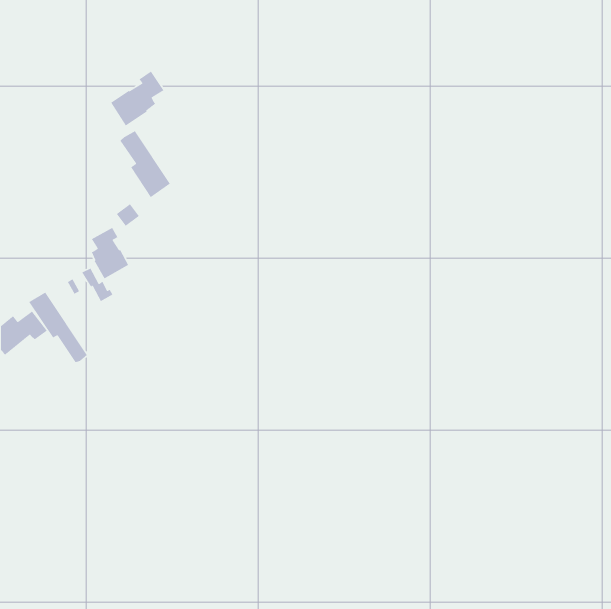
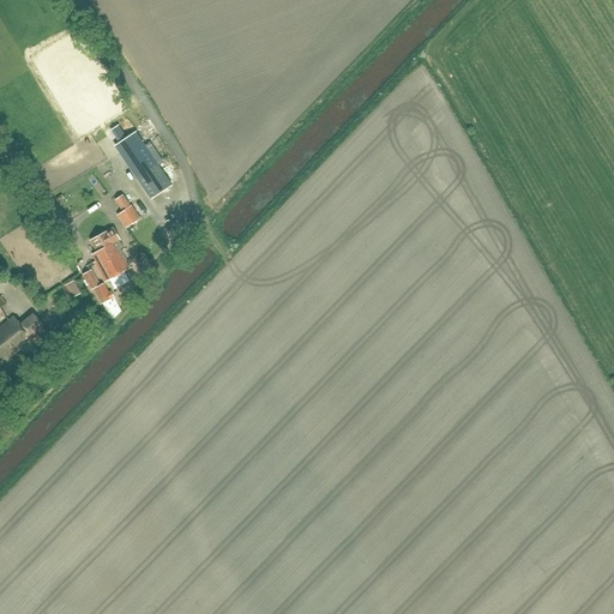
building: [110,70,165,126] -> none
building: [28,291,88,363] -> none

